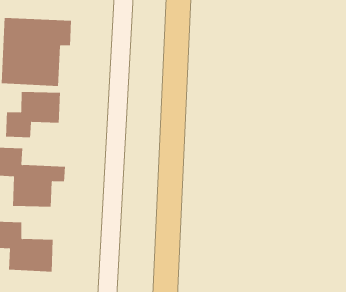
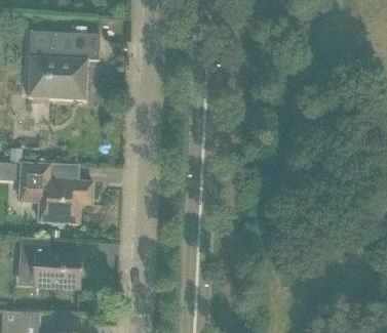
building: [6,91,60,138] -> none

